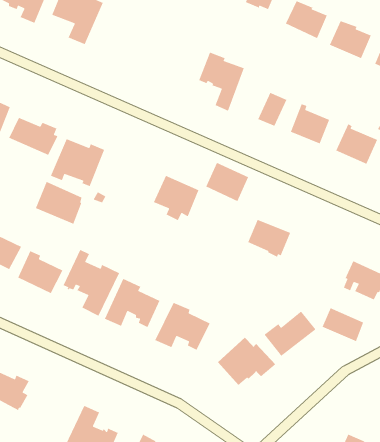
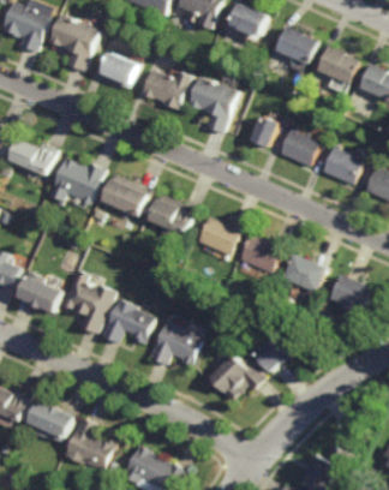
building: none -> [98,53,137,89]
building: none -> [140,71,191,110]
building: [205,162,249,202] -> [194,219,237,257]
building: [35,181,82,225] -> [101,175,146,217]
building: [321,307,364,342] -> [281,255,322,288]
building: none -> [26,396,73,440]

